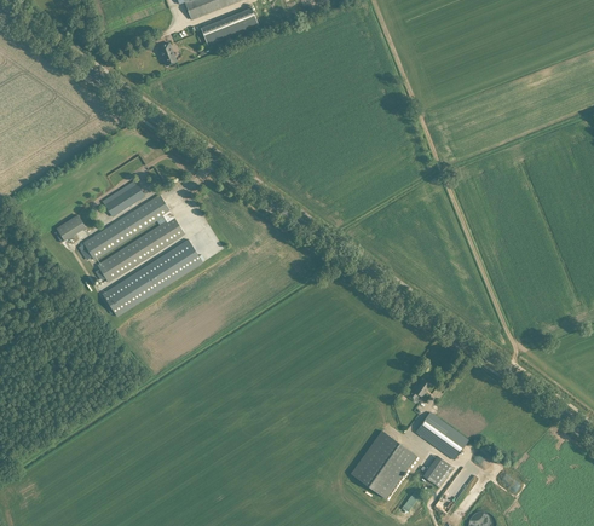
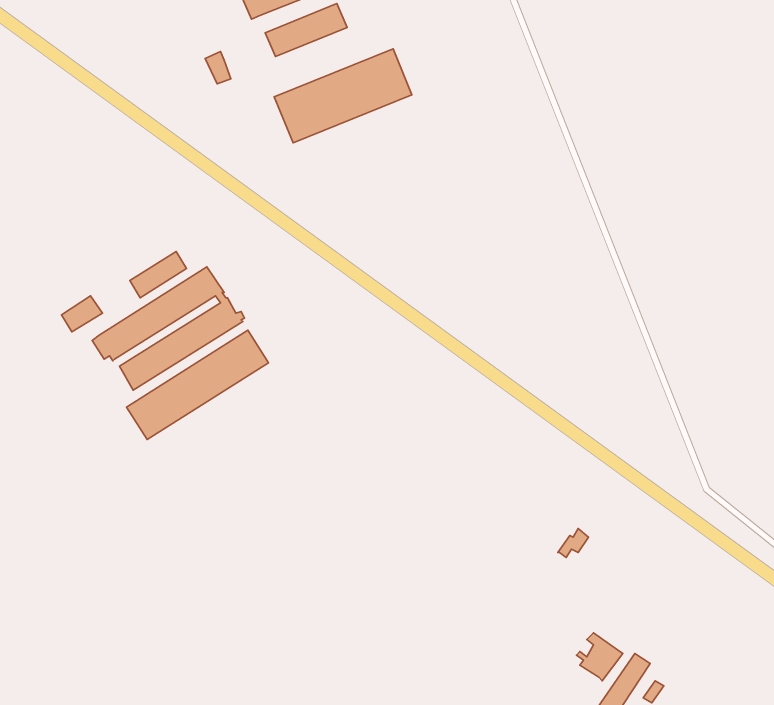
building: none -> [274,49,412,143]
building: [414,411,467,458] -> none
building: [350,428,414,496] -> none

